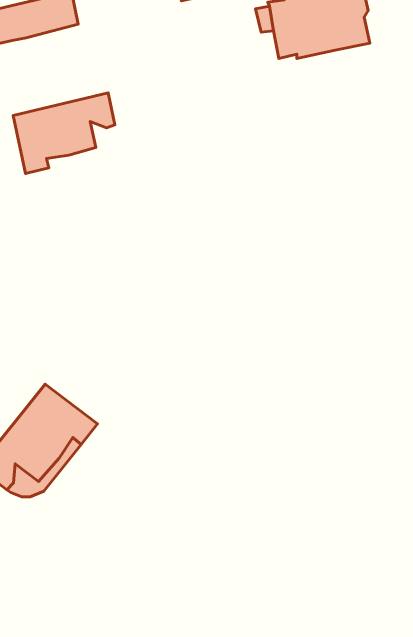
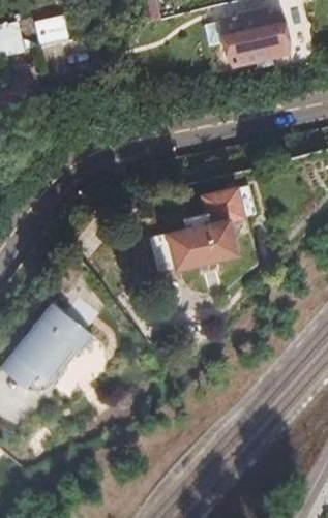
building: [13,93,115,173] -> none
building: none -> [146,185,252,273]

